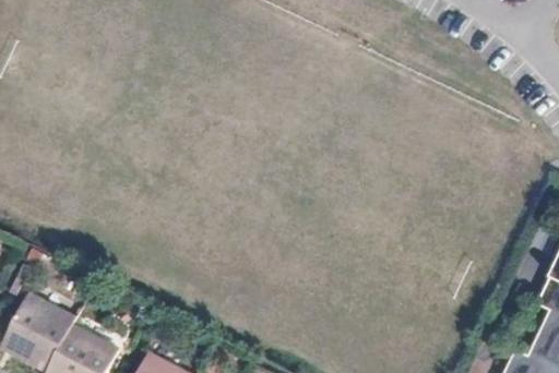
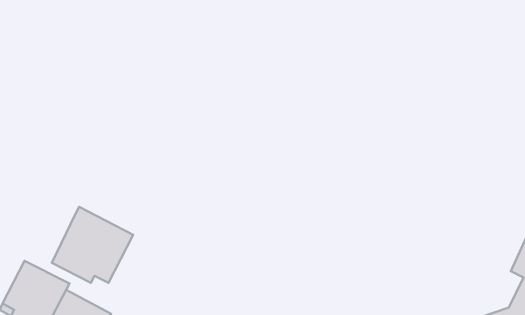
building: none -> [52,207,133,283]

